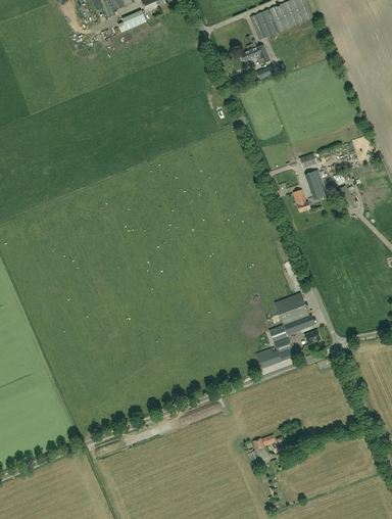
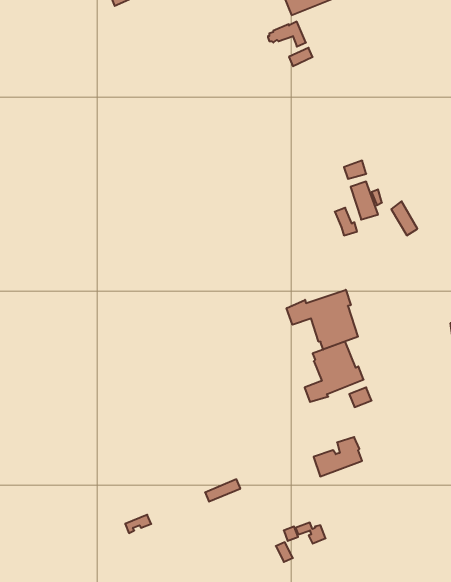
building: none -> [287,290,358,350]
building: [256,337,294,368] -> [314,437,362,476]

